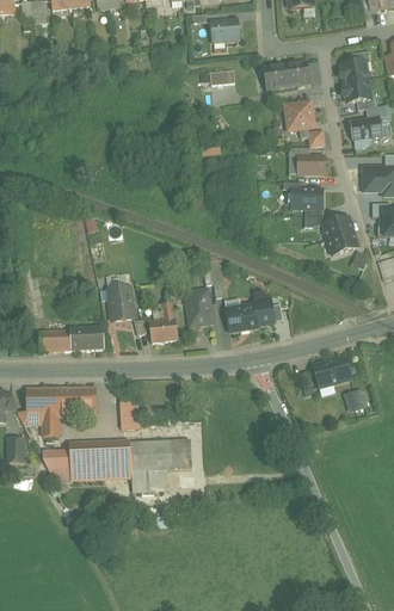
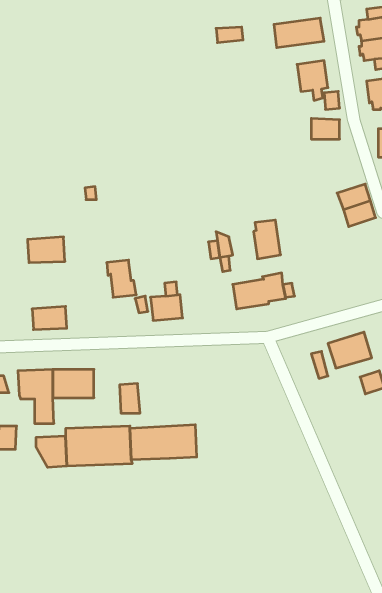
building: [290,190,322,209] -> none
building: [186,290,211,326] -> [254,220,281,259]
building: [69,326,104,350] -> [28,237,65,263]
building: [130,470,167,492] -> none

